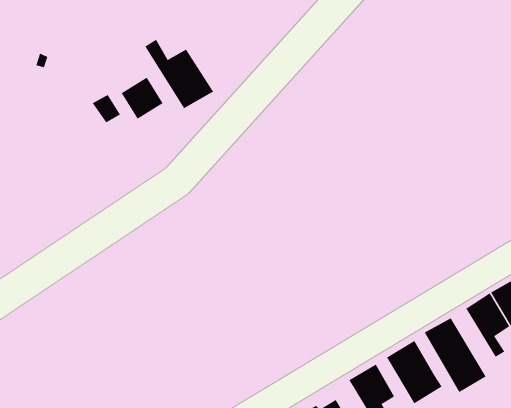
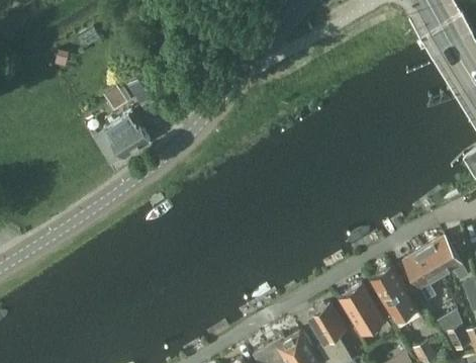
building: [145,39,214,109] -> none
building: none -> [103,113,151,162]

